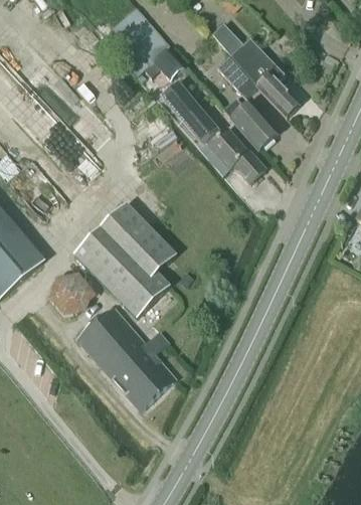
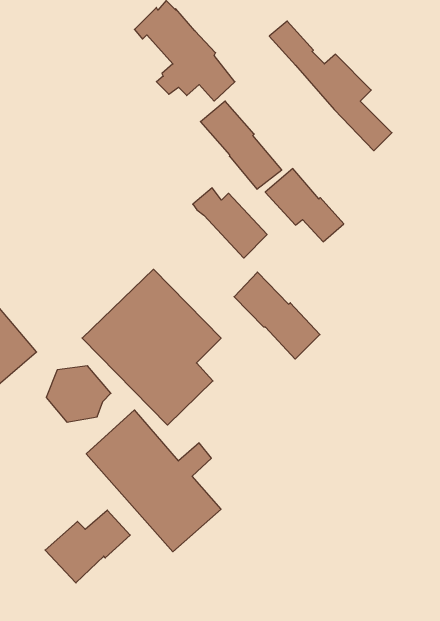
building: [216,54,257,98] -> none
building: [222,97,277,148] -> [193,188,267,258]
building: none -> [234,272,320,359]
building: none -> [45,510,130,583]

